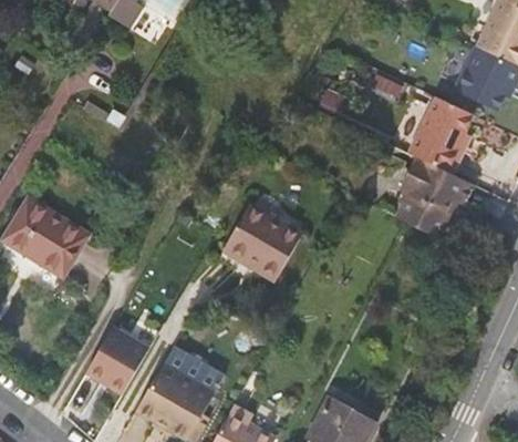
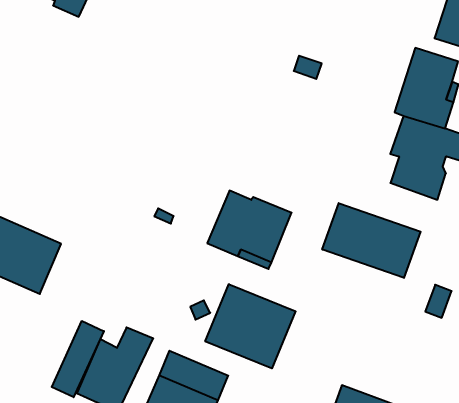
building: none -> [322,203,421,278]
building: none -> [205,284,296,368]
building: none -> [52,321,104,397]

